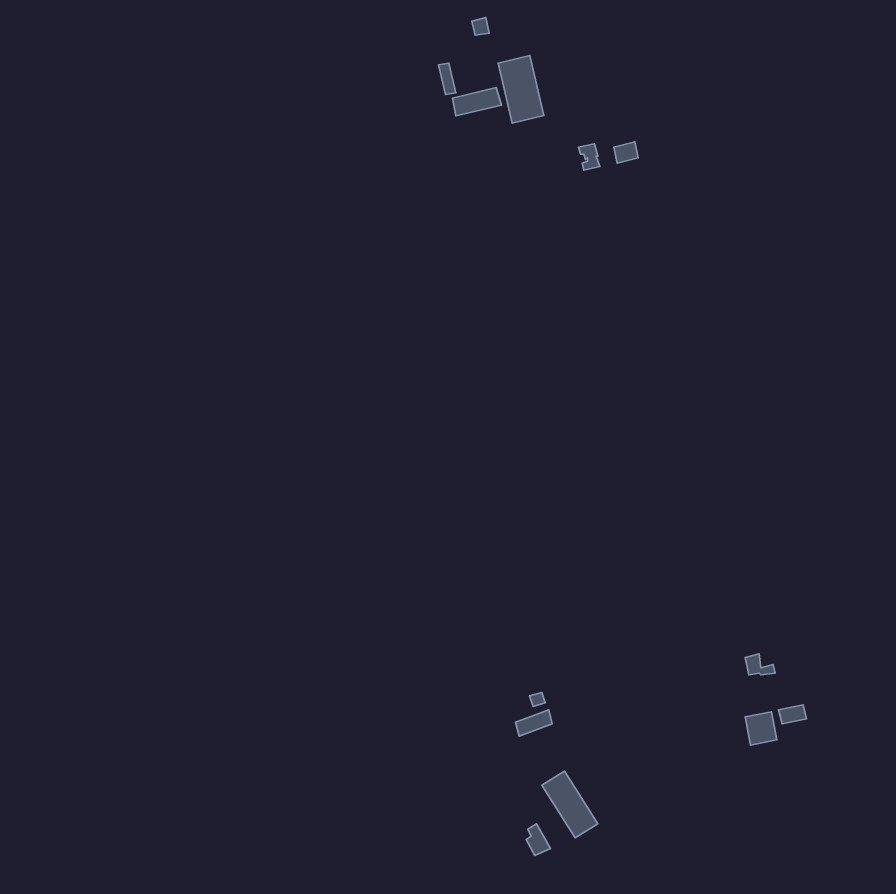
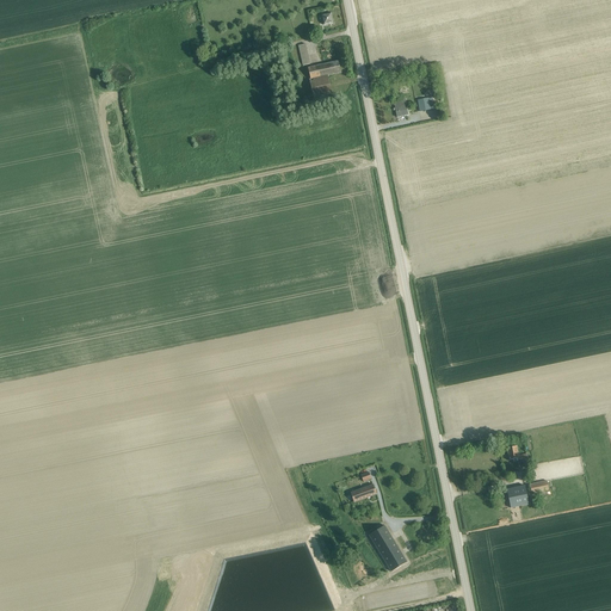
building: [498,56,544,123] -> none

